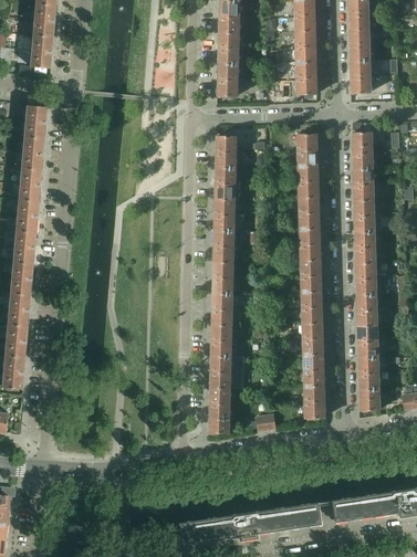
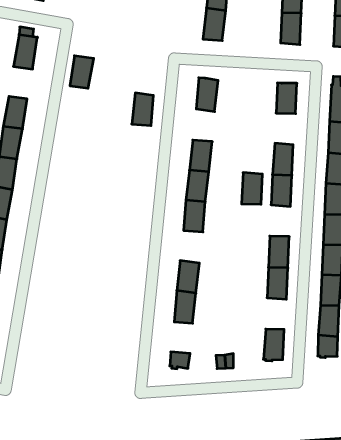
building: [23,138,45,170] -> [70,56,94,88]
building: [298,164,317,196] -> none
building: [215,167,234,199] -> [132,93,153,126]
building: [300,259,321,291] -> [242,173,262,204]
building: [211,292,232,324] -> none
building: [303,354,323,386] -> none
building: [209,386,229,417] -> none

